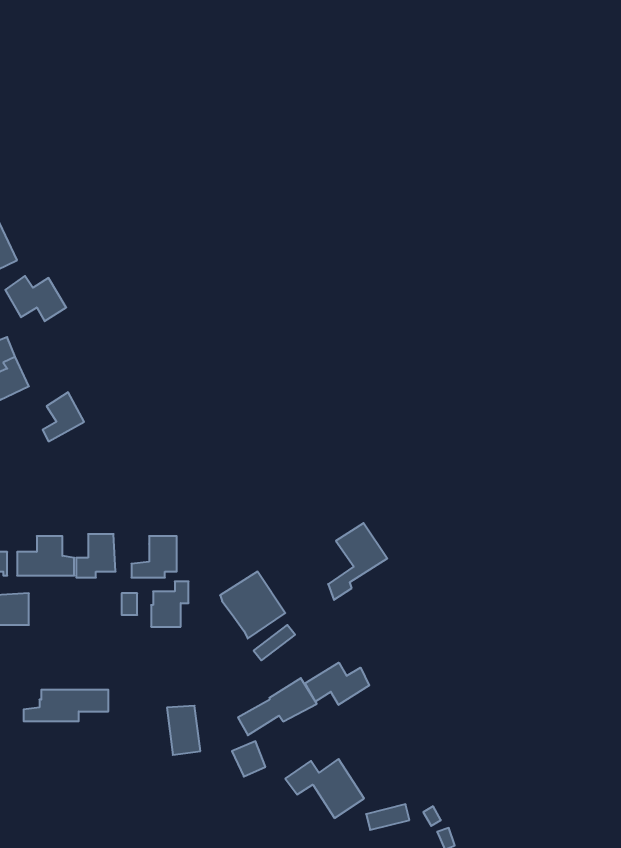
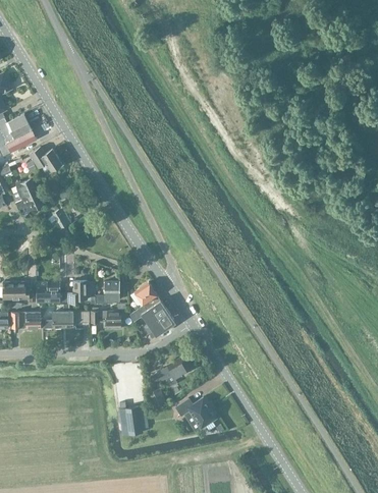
building: [328,523,387,600] -> [129,282,160,322]
building: [305,663,369,705] -> none
building: [24,690,108,721] -> [44,312,88,328]
building: none -> [118,406,142,436]

